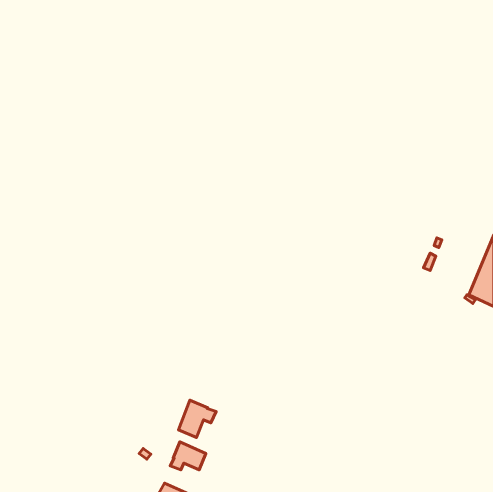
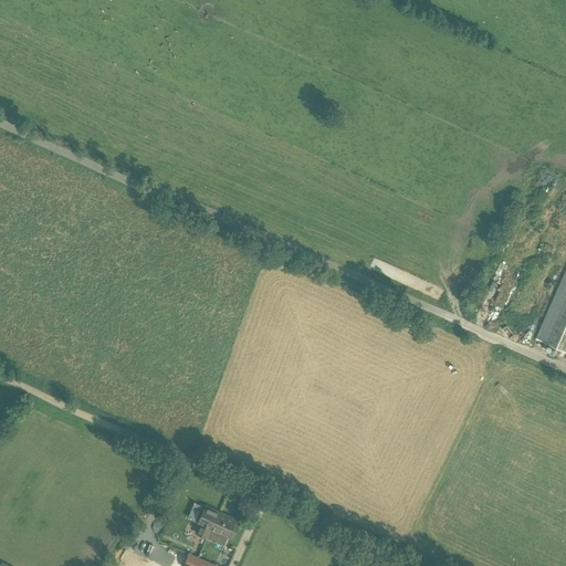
building: [178,400,216,437] -> none

